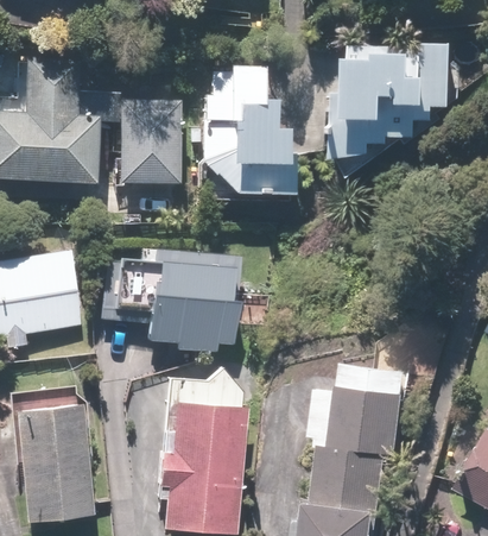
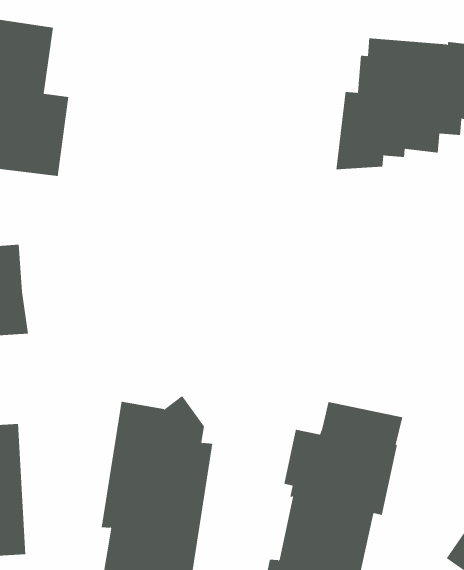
building: [201,69,296,198] -> none
building: [120,100,183,185] -> none
building: [100,247,236,349] -> none

